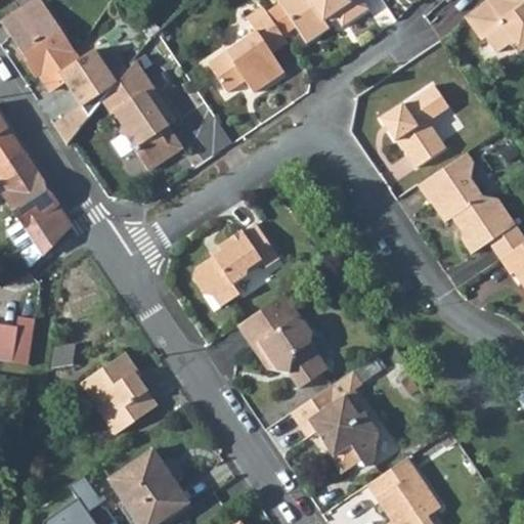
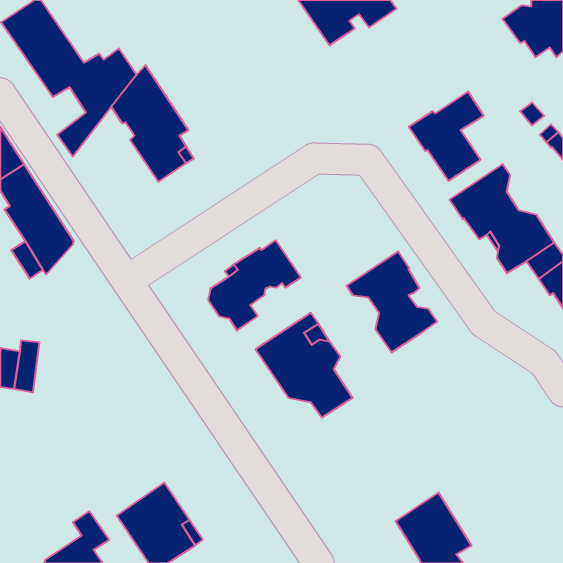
building: [208,6,288,92] -> none
building: none -> [347,251,437,352]
building: [80,352,157,434] -> none
building: [291,369,378,472] -> none

